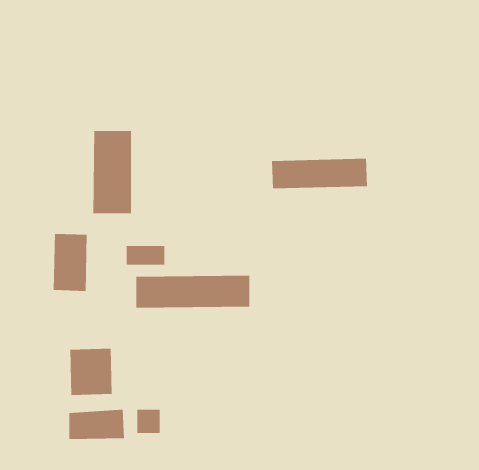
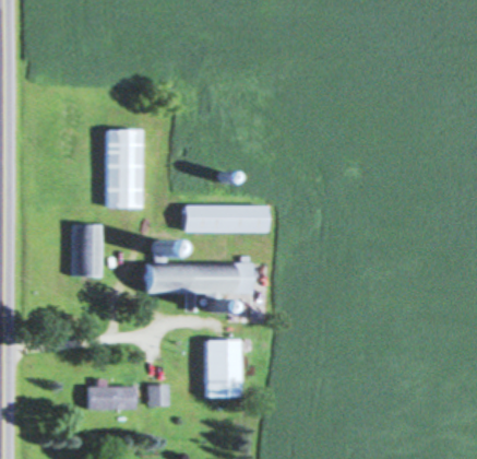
building: [271,158,368,189] -> [181,203,270,232]
building: [69,348,112,396] -> none
building: none -> [205,343,245,400]

